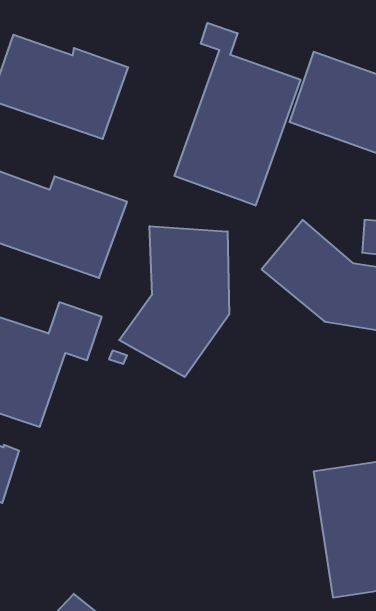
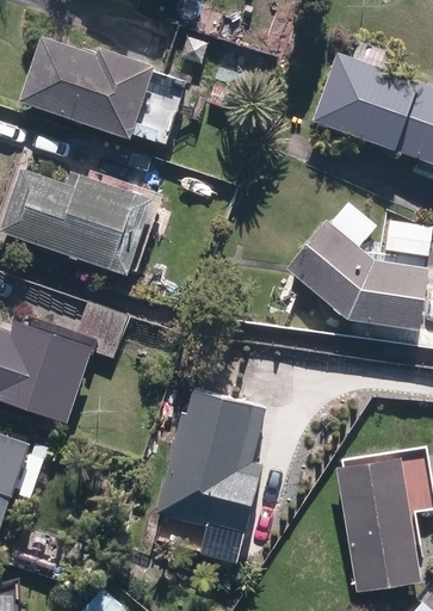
building: [174,23,300,206] -> none
building: [119,226,229,377] -> none
building: none -> [156,389,265,530]

